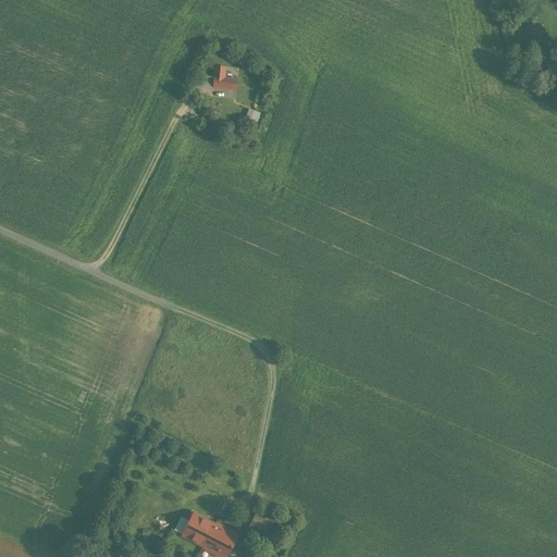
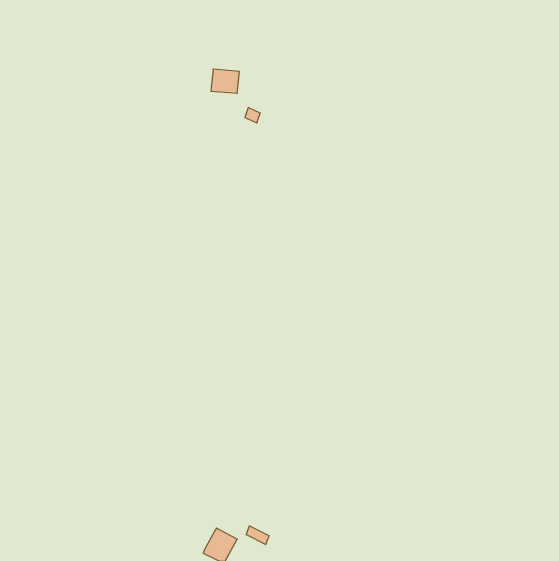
building: [182,516,213,545] -> none

